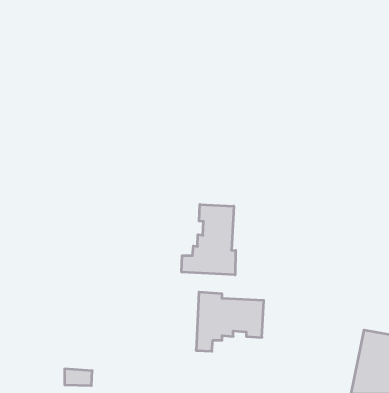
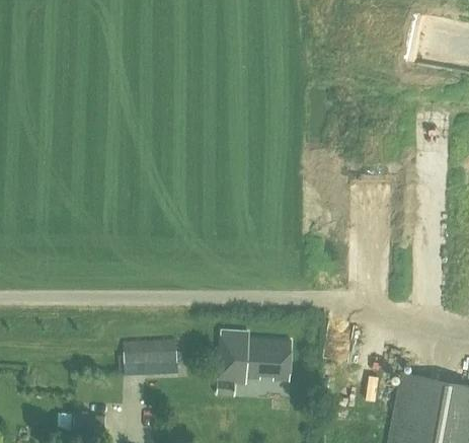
building: [182,204,236,275] -> none
building: none -> [123,350,177,375]

